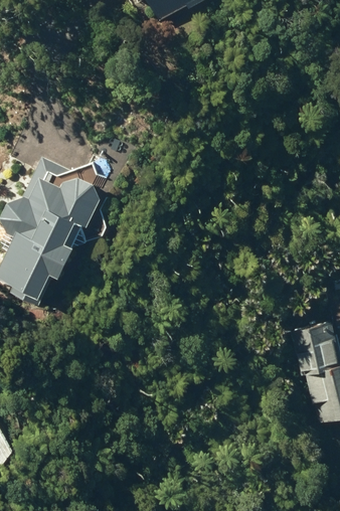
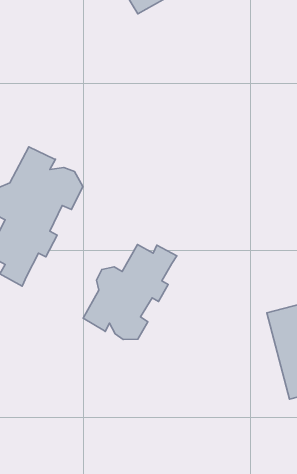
building: none -> [83,245,177,340]

